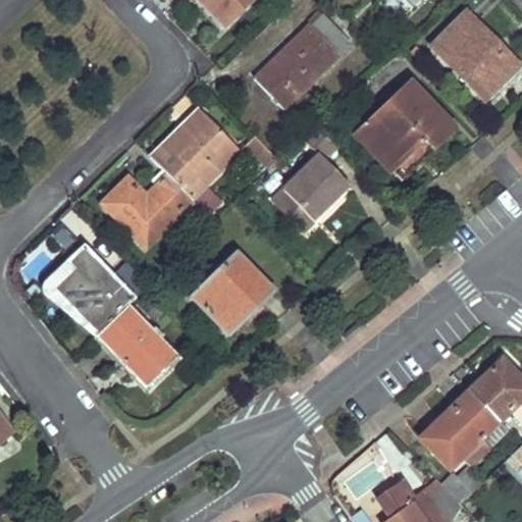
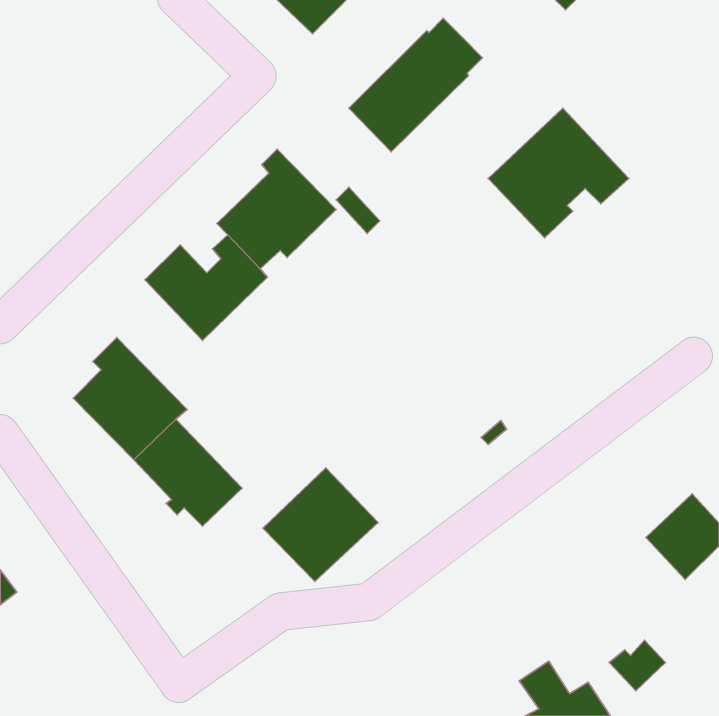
building: [432,8,517,98] -> none
building: [266,144,353,230] -> none
building: [191,250,274,332] -> [263,468,378,582]
building: [419,389,506,467] -> none

